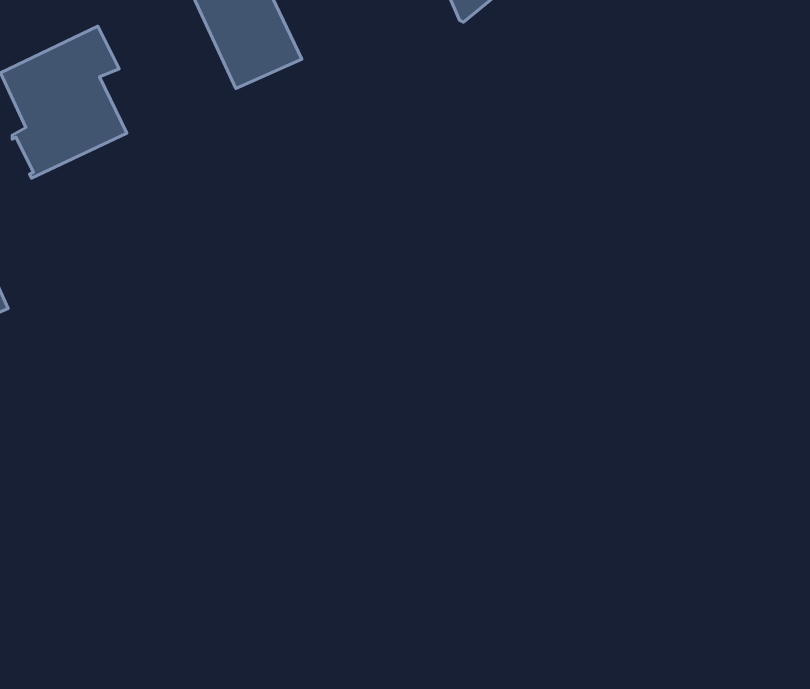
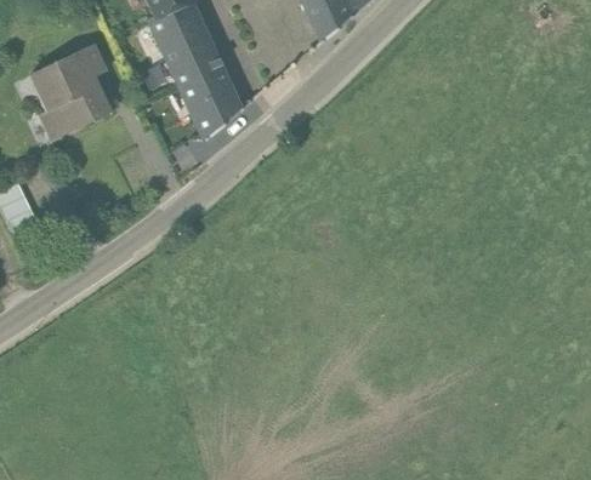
building: none -> [180,64,241,138]

